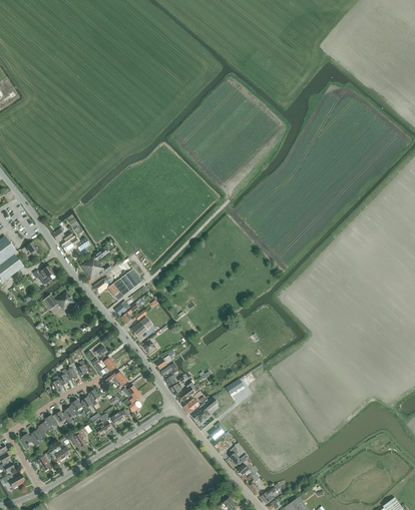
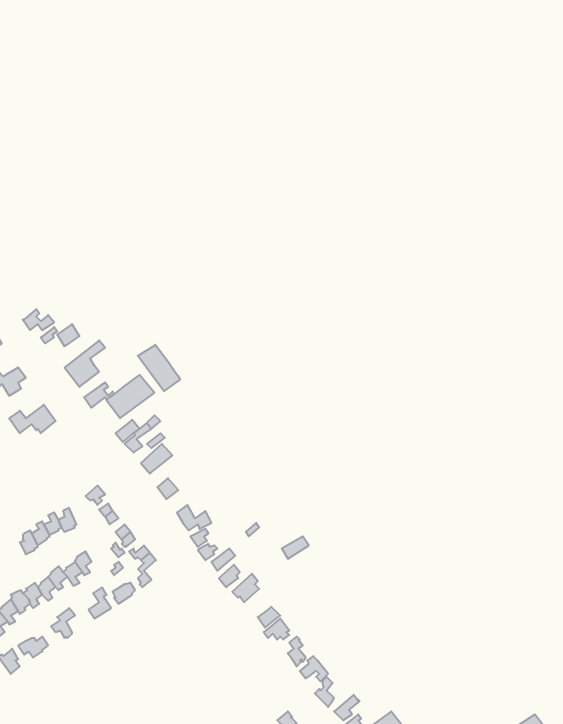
building: none -> [138,345,180,391]

